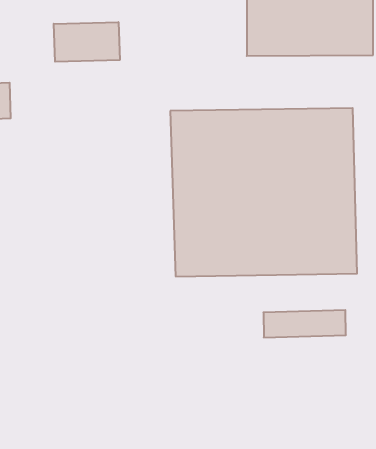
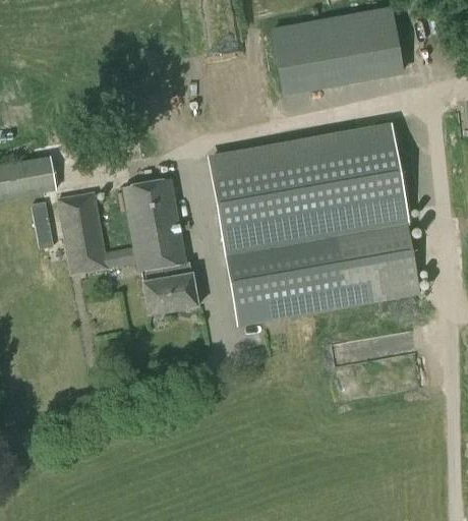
building: [54,22,120,62] -> none
building: none -> [57,178,196,312]

